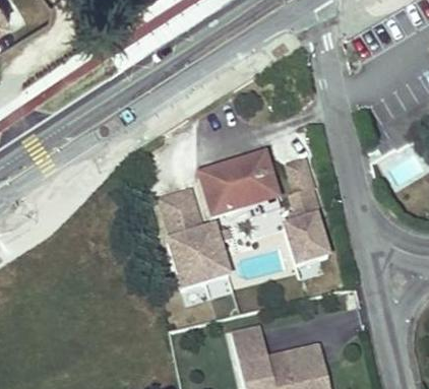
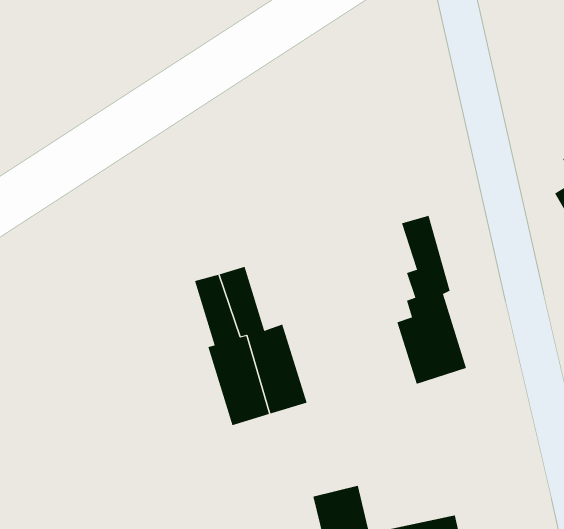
building: [199,152,275,214] -> none

